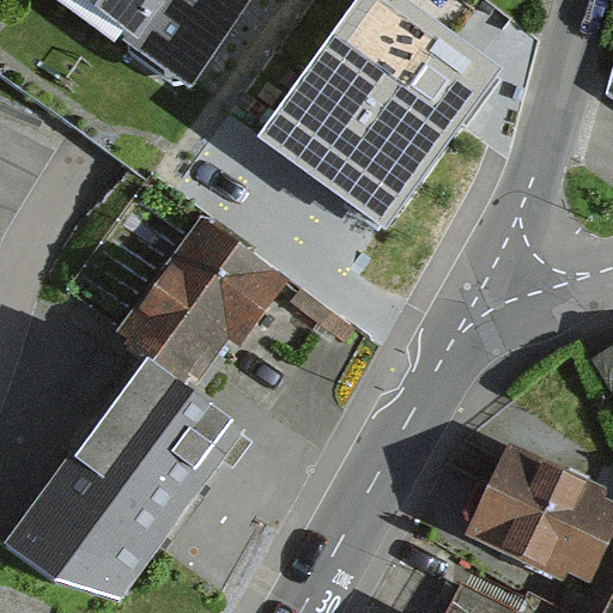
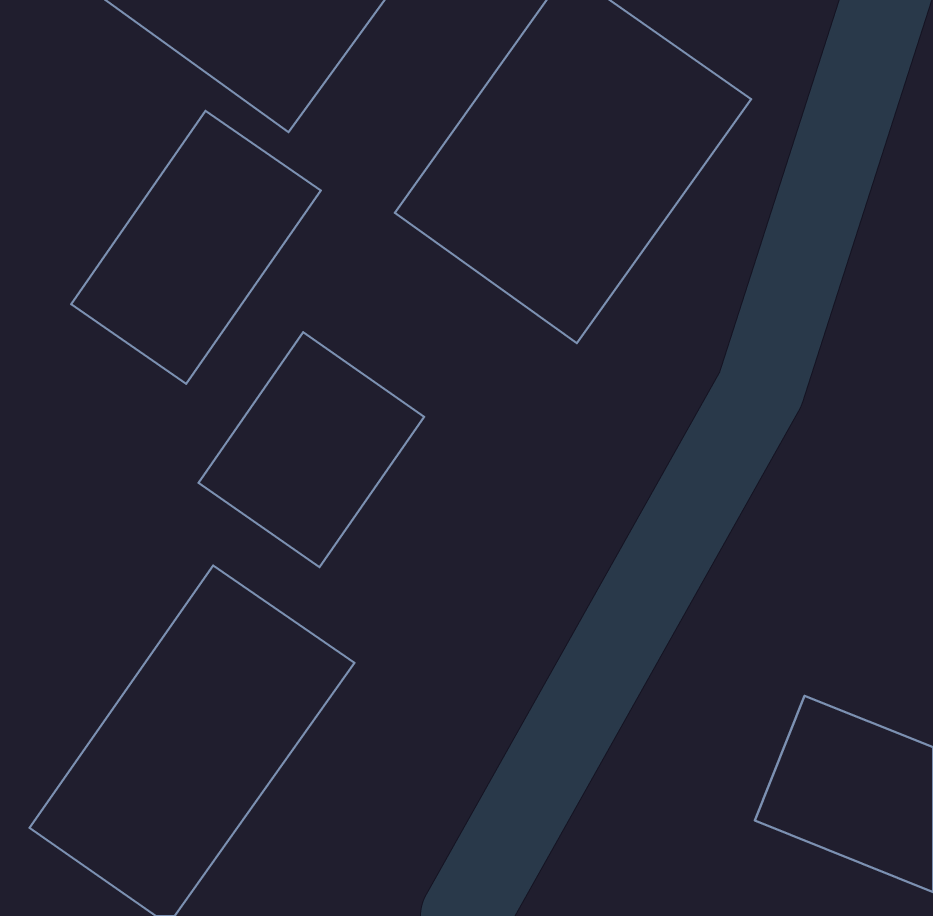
building: none -> [71,111,321,384]

